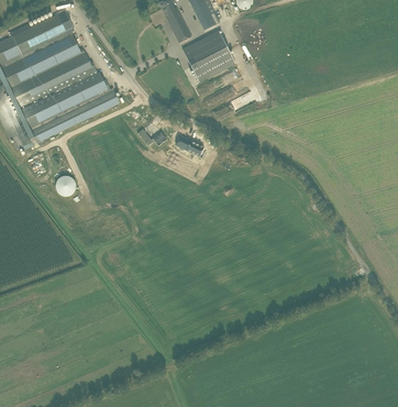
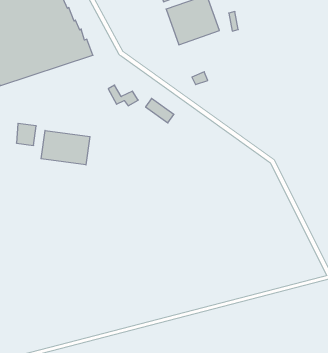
building: none -> [41,130,90,165]

